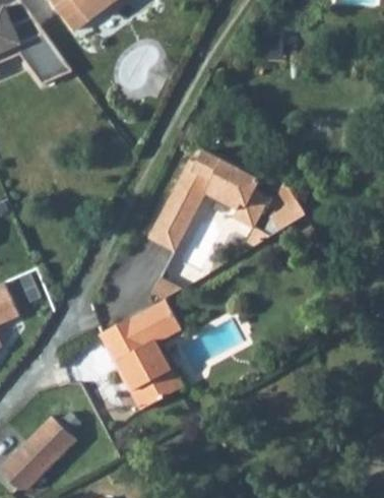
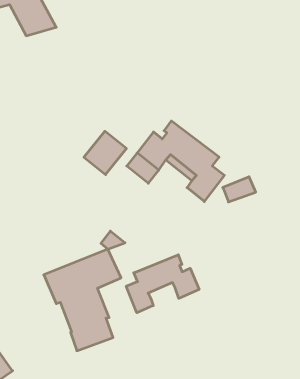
building: [148,207,192,253] -> [84,131,126,175]
building: none -> [126,255,199,313]

